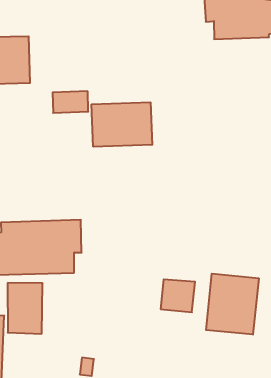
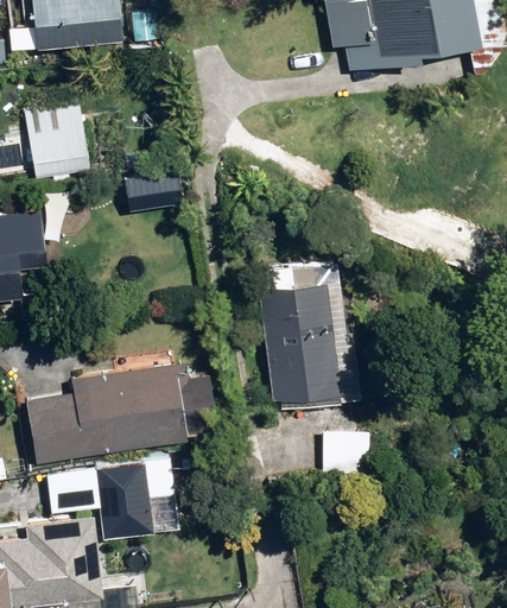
building: [92,102,152,147] -> none
building: none -> [256,260,365,411]
building: [206,274,259,335] -> none

